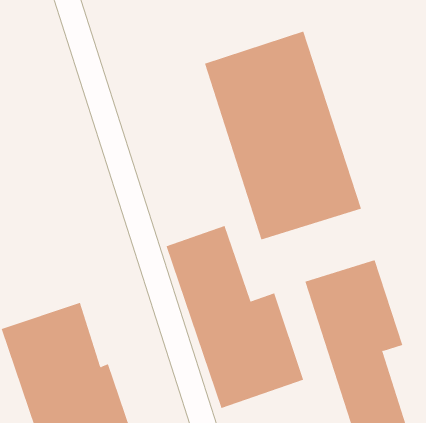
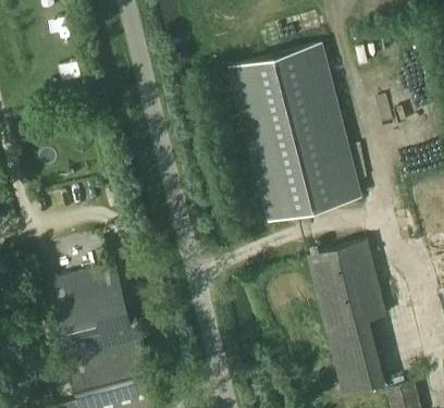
building: [166,225,304,409] -> none

